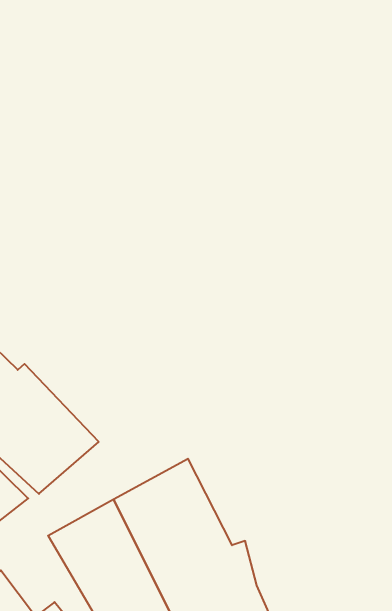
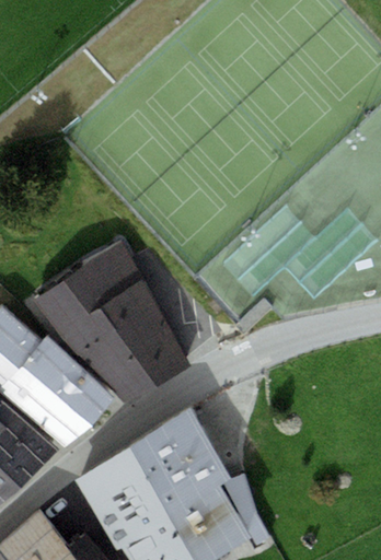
building: none -> [33,241,189,402]

